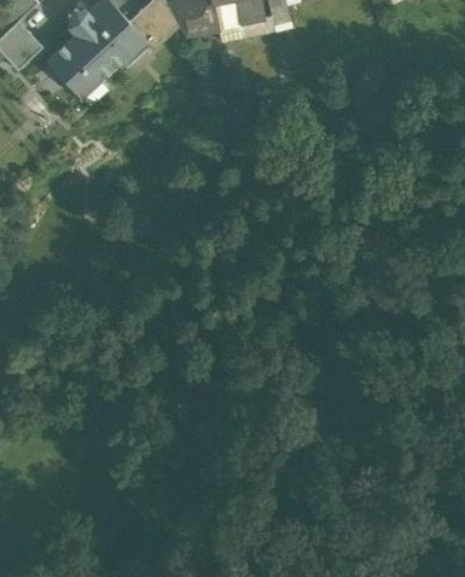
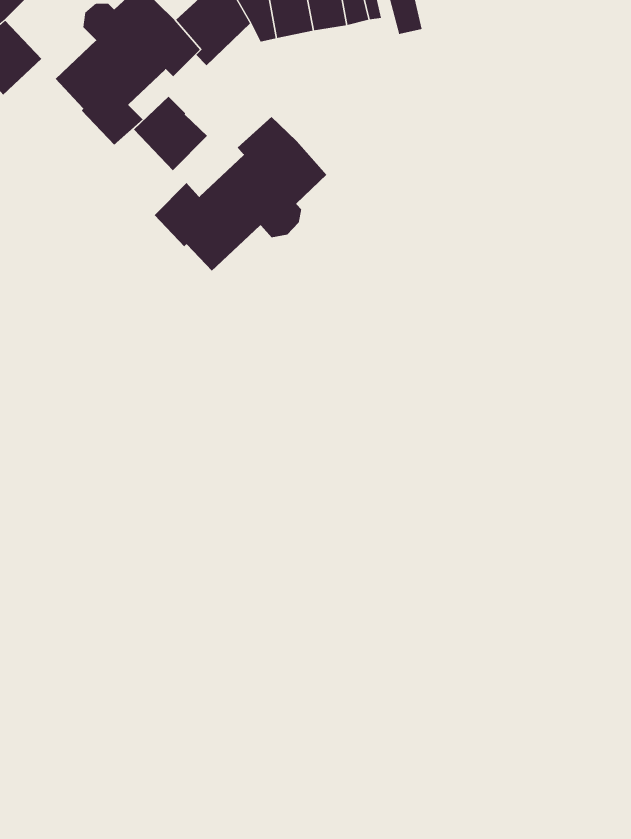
building: none -> [133,96,208,171]
building: none -> [154,116,327,272]

